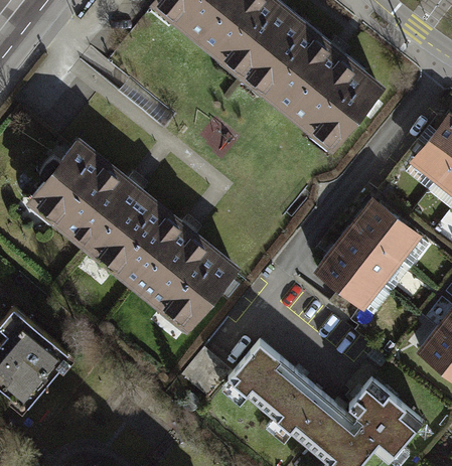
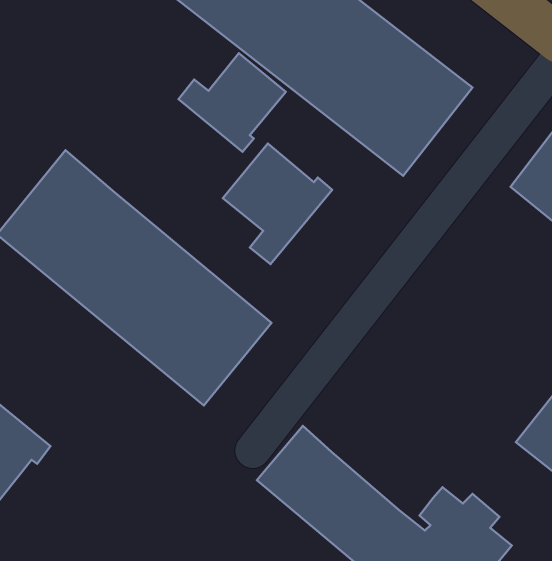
building: none -> [179,53,286,152]
building: none -> [223,143,332,264]
building: [312,199,424,316] -> none

